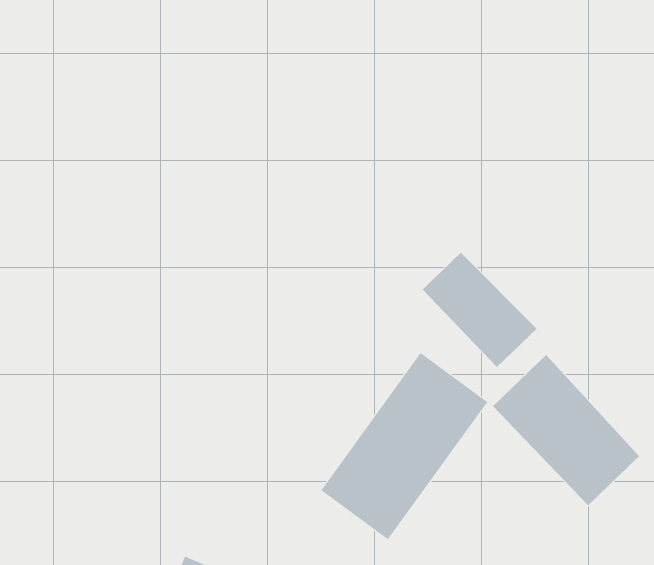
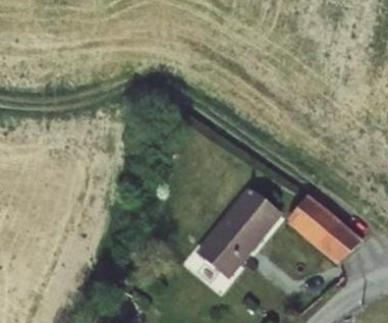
building: [422,252,538,368] -> none

